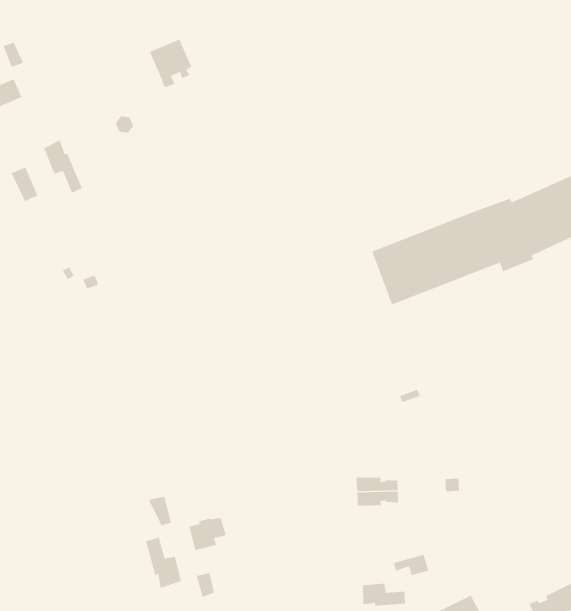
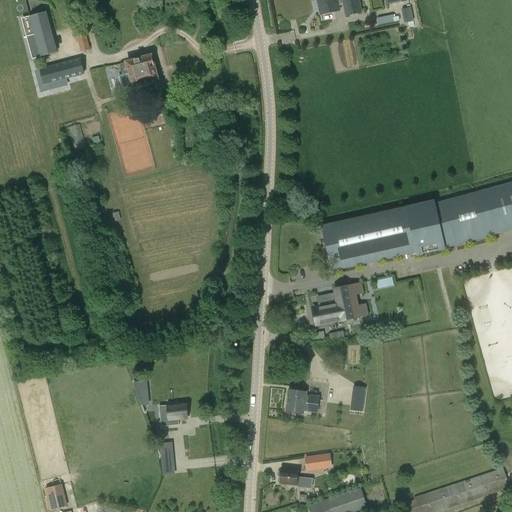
building: [149,39,192,89] -> [126,56,156,91]
building: [43,139,83,194] -> none
building: none -> [312,282,368,324]
building: [145,537,182,589] -> none

